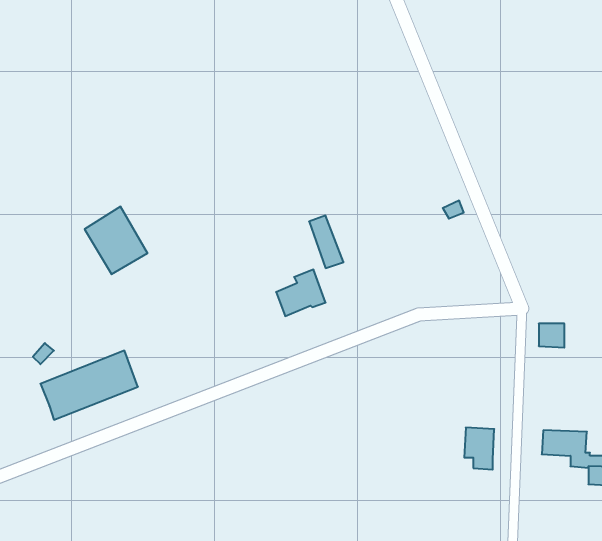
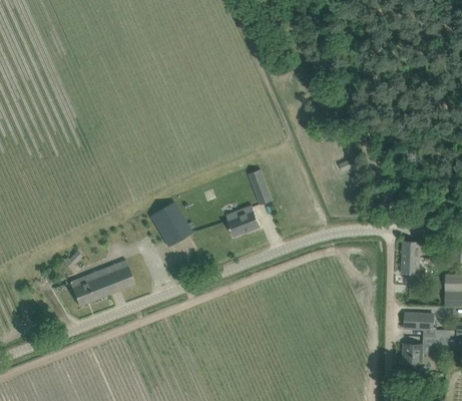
building: [85,207,148,274] -> [149,202,191,247]
building: none -> [401,257,419,285]
building: [464,428,494,470] -> [402,344,422,372]

